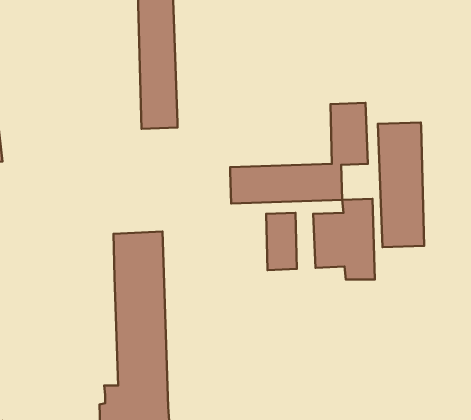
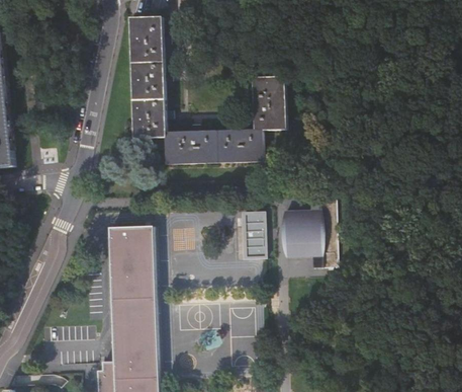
building: [230,103,368,203] -> [165,76,284,163]
building: [378,123,424,247] -> none

